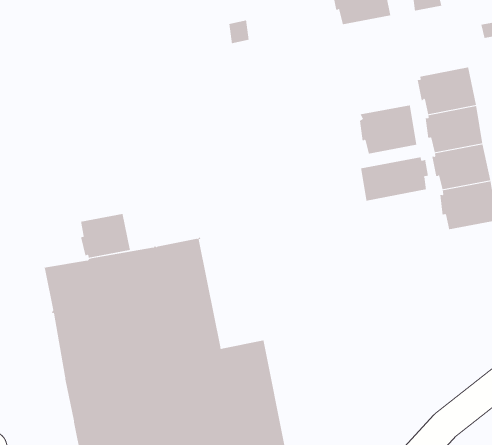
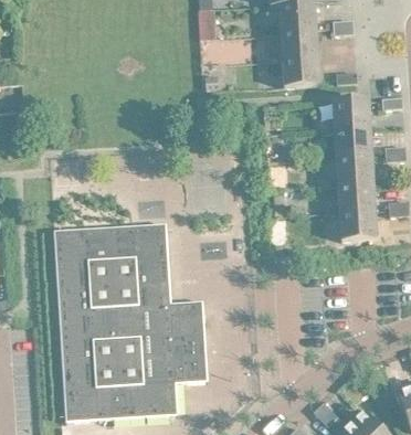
building: [359,105,417,154] -> [331,97,370,128]
building: [360,156,428,202] -> none
building: [80,213,131,258] -> none

